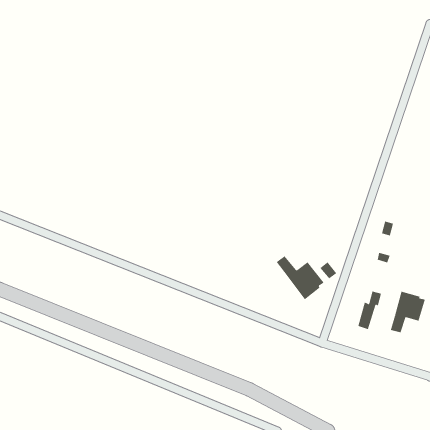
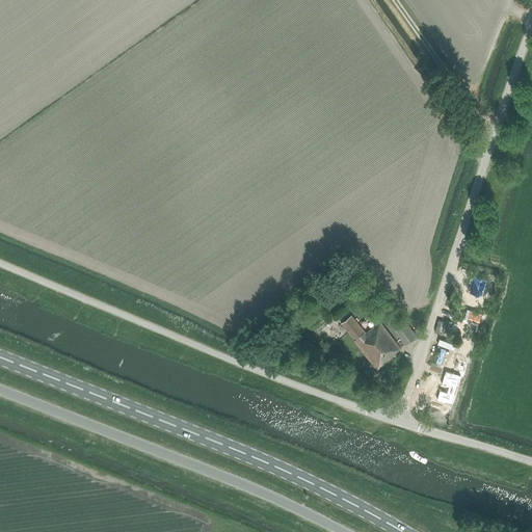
building: [390,291,426,333] -> none

